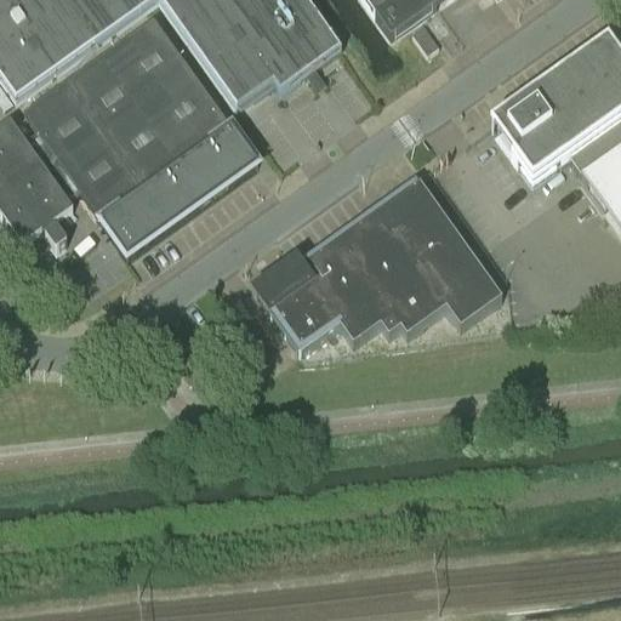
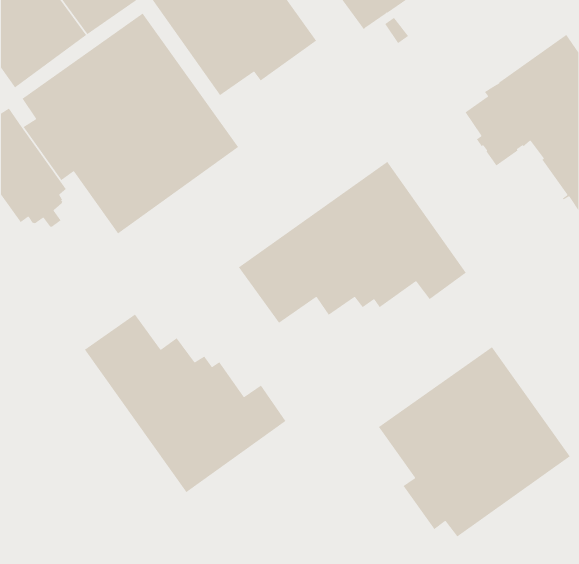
building: none -> [84,313,286,493]
building: none -> [378,346,571,538]

